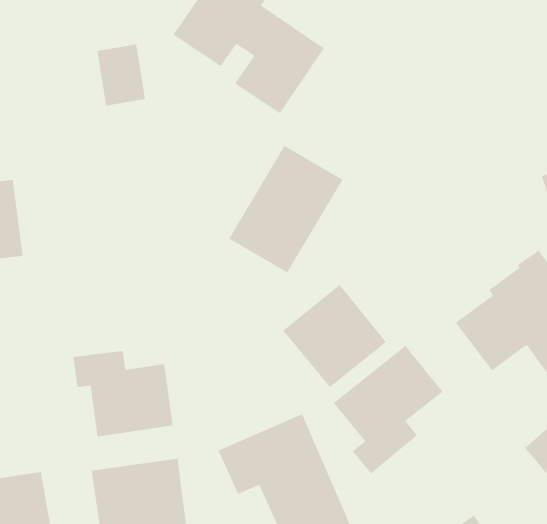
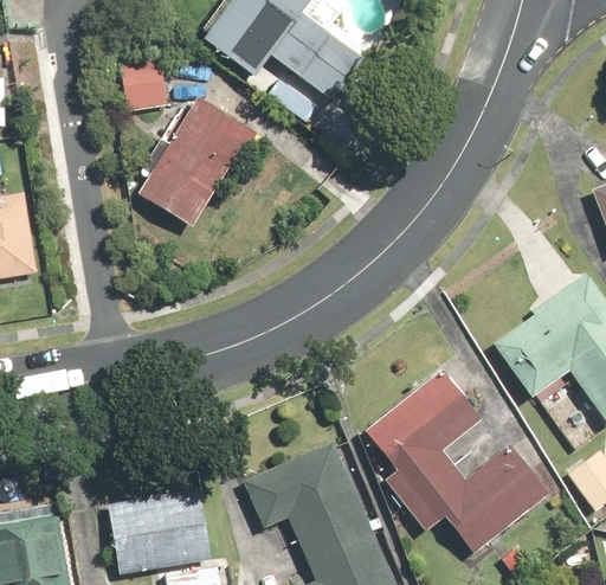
building: [228,145,344,274] -> [135,103,257,239]
building: [282,284,387,388] -> none
building: [72,350,174,437] -> none
building: none -> [406,443,550,552]

